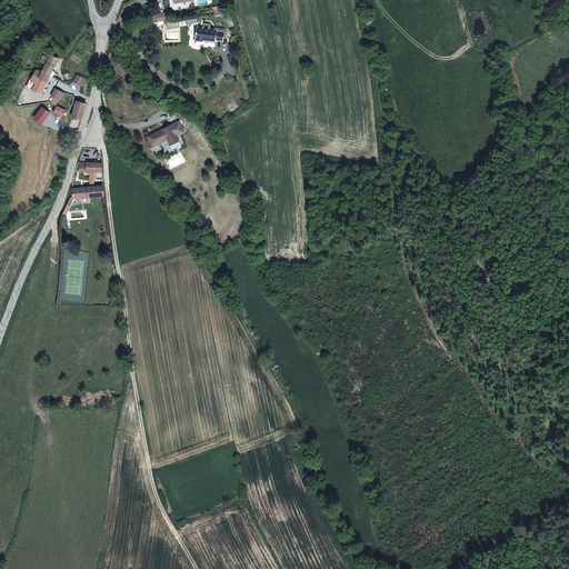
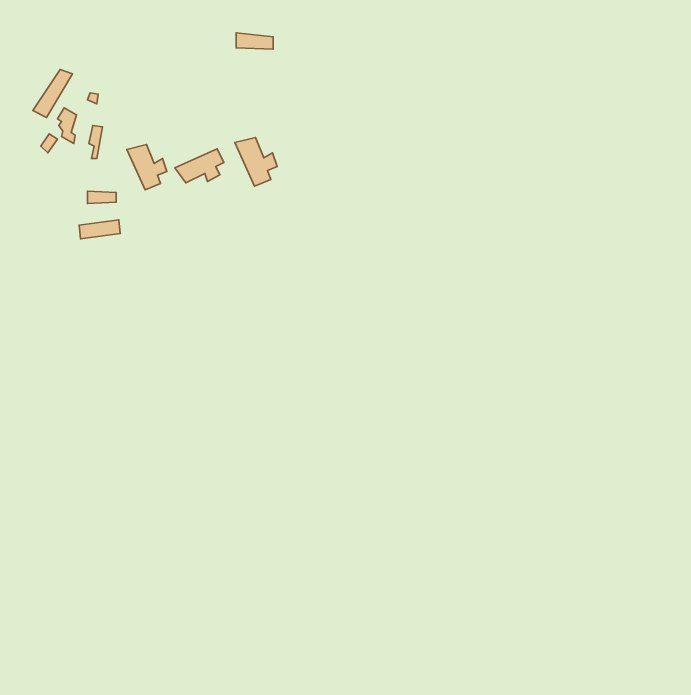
building: none -> [235,137,277,186]
building: none -> [127,144,167,190]

